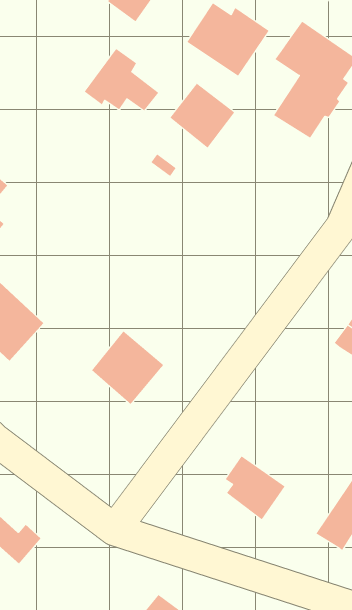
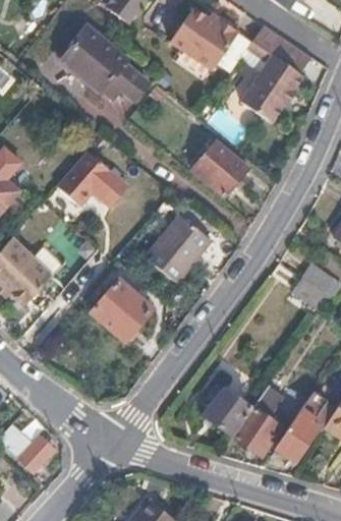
building: none -> [60,27,113,83]
building: [169,83,235,148] -> [193,142,247,196]
building: none -> [58,150,127,206]
building: none -> [146,214,211,282]
building: none -> [233,388,281,455]

